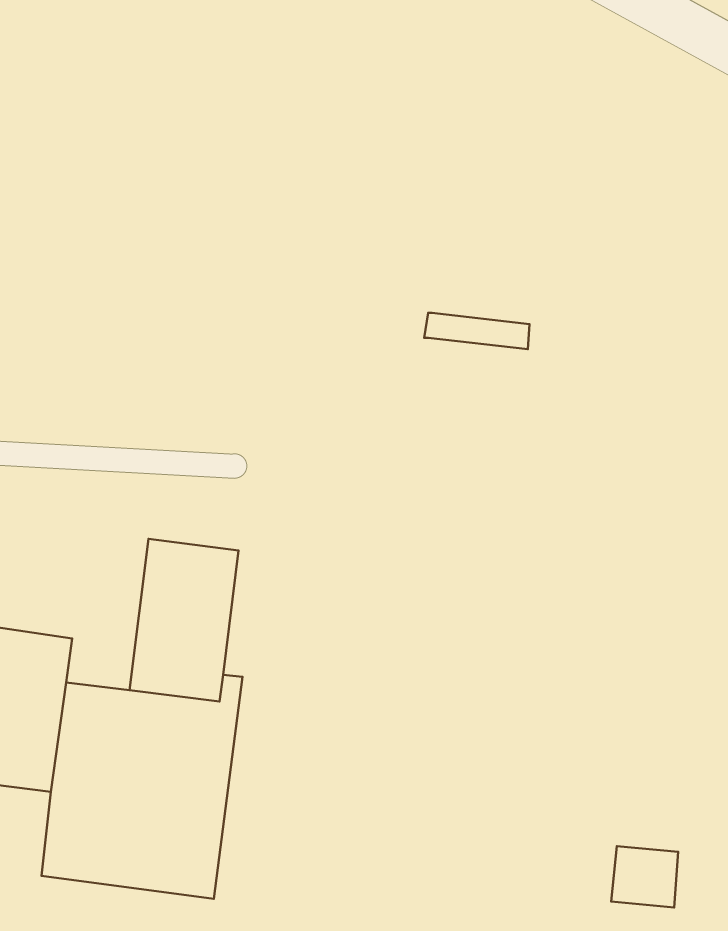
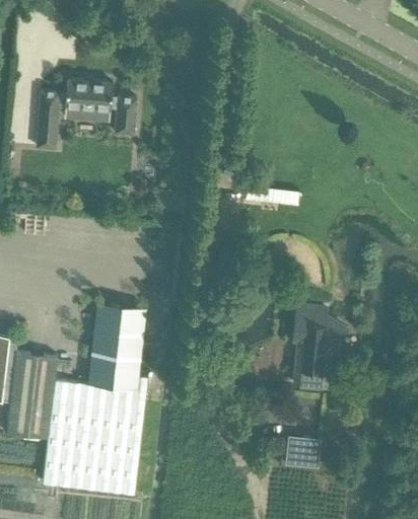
building: none -> [37,81,137,151]
building: none -> [292,305,348,386]
building: [611,846,678,907] -> [283,440,319,472]

